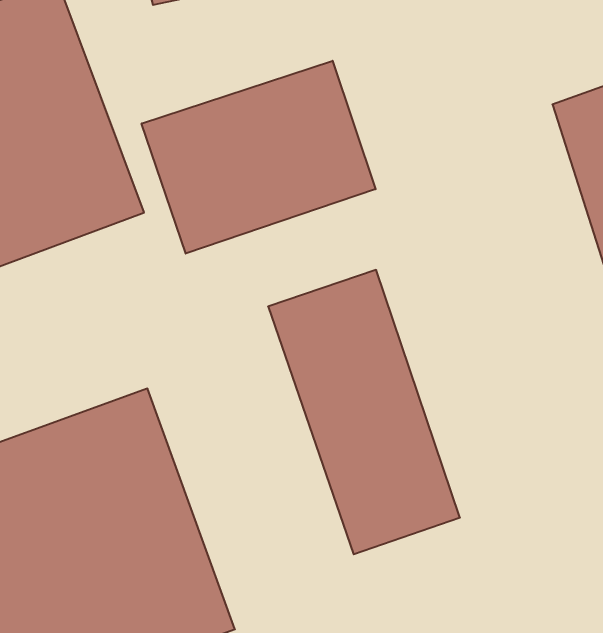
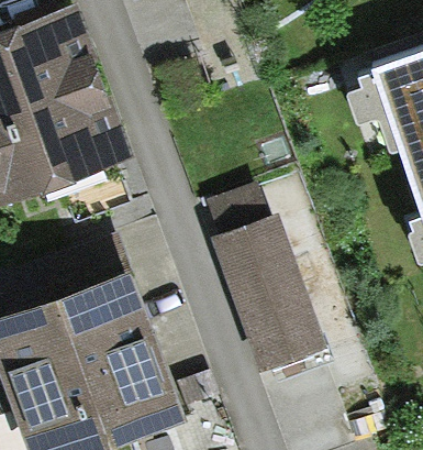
building: [142,61,376,254] -> none

